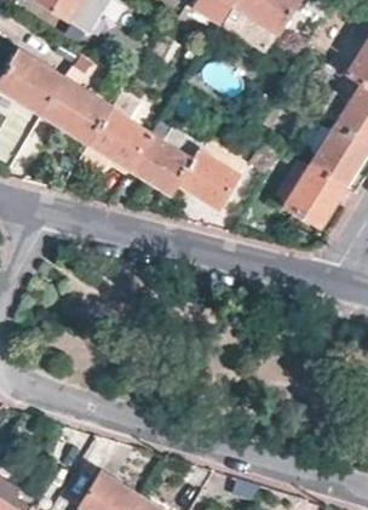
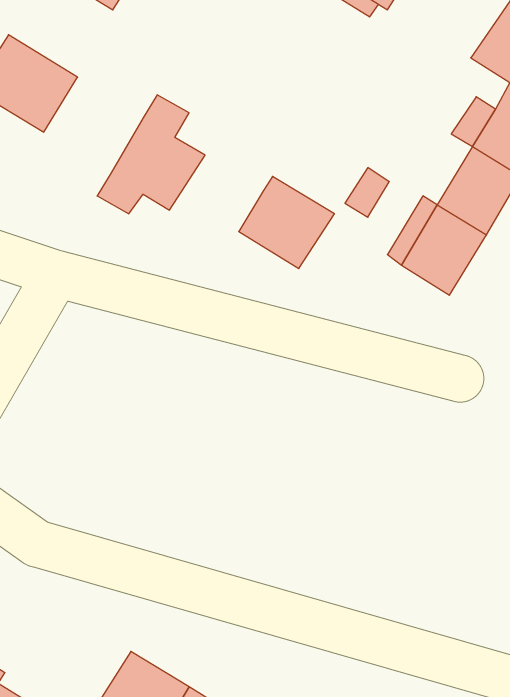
building: [42,79,110,144] -> none
building: [128,132,192,195] -> none

